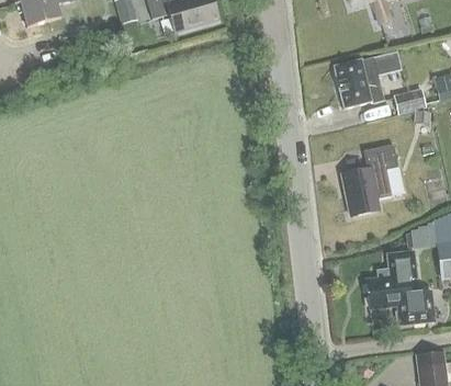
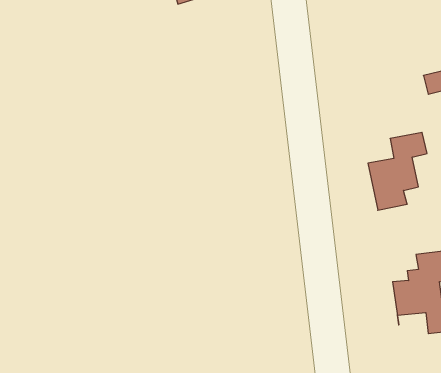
building: [332,50,401,106] -> none

